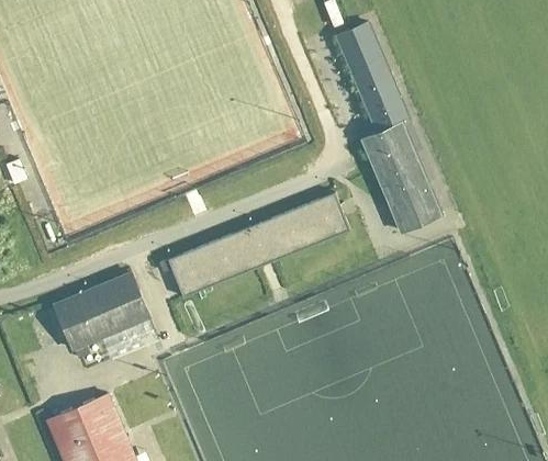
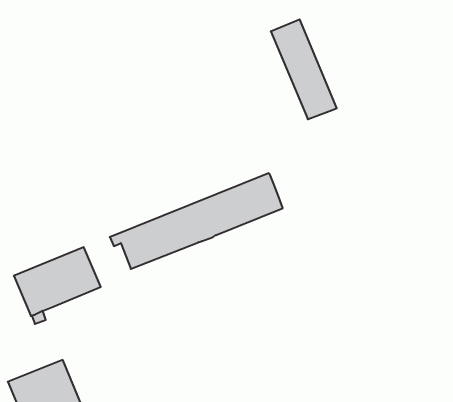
building: [361,123,441,232] -> none

